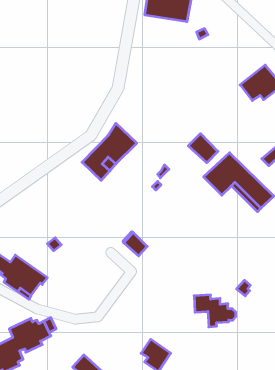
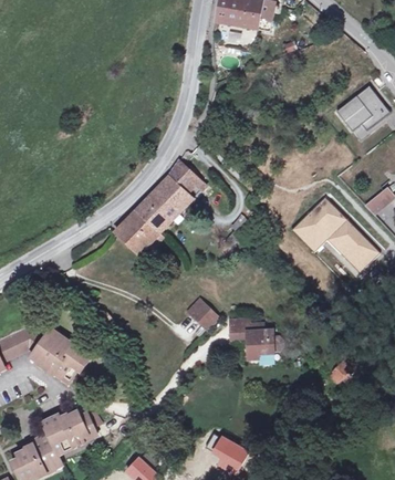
building: [188,134,218,163] -> none
building: none -> [114,210,159,254]
building: [194,295,236,327] -> [229,319,282,359]

